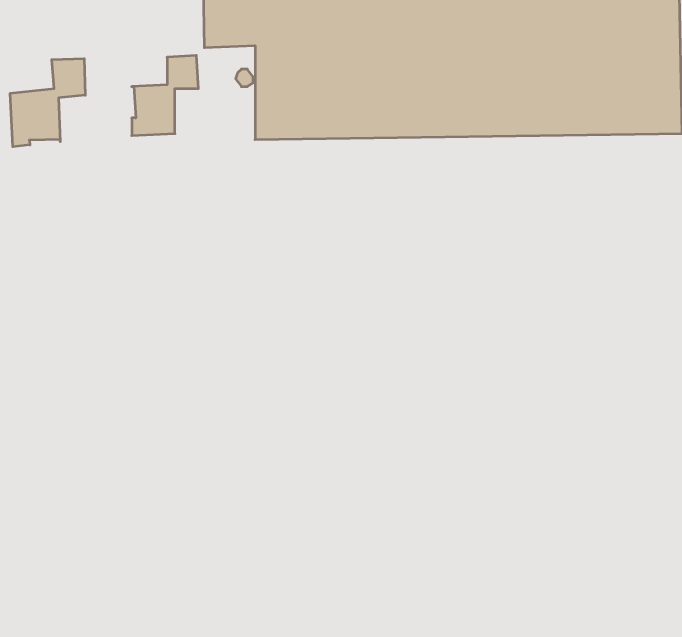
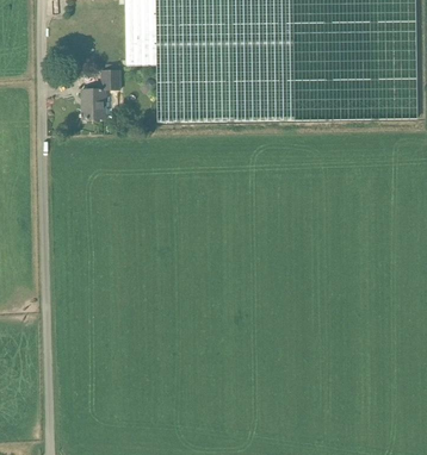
building: [10,59,85,147] -> none

